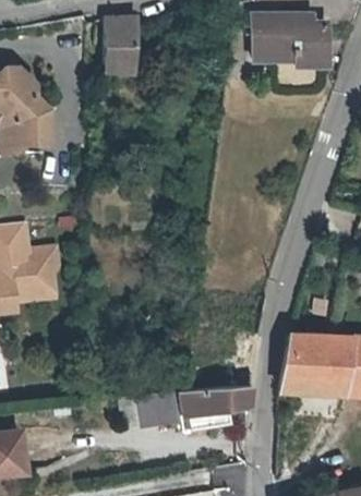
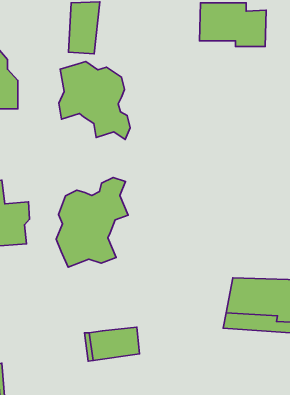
building: none -> [59,61,130,140]
building: none -> [56,178,128,267]
building: [186,383,253,414] -> none

